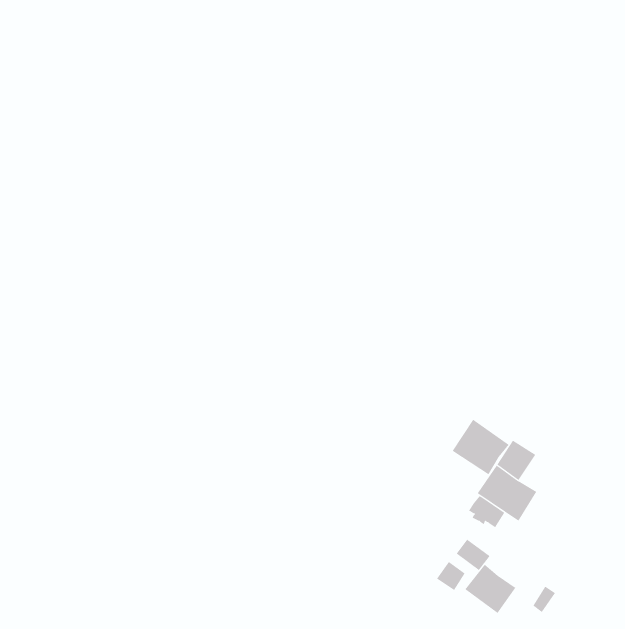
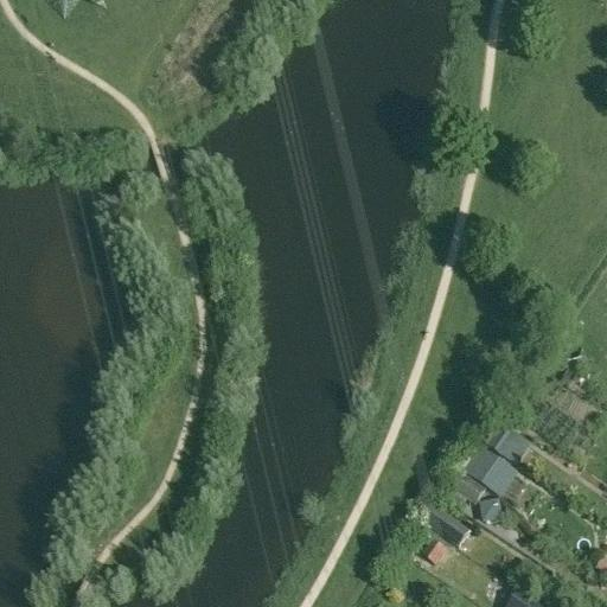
building: [452,419,510,475] -> none
building: [465,564,516,614] -> none

